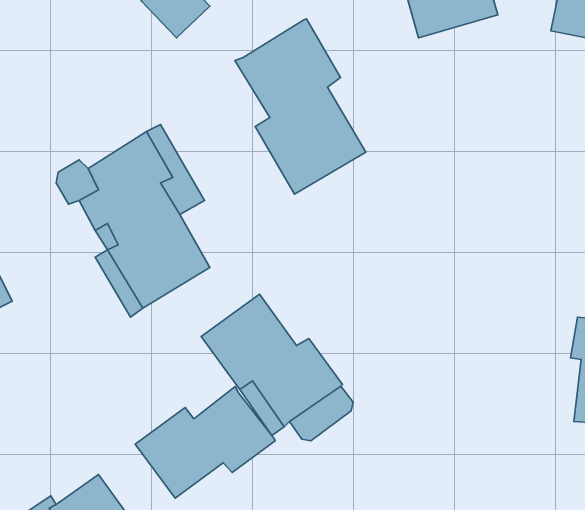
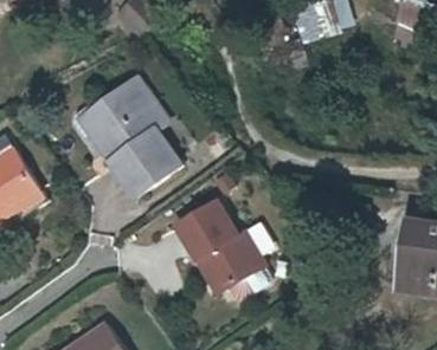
building: [235,19,366,194] -> none
building: [135,387,275,498] -> none

